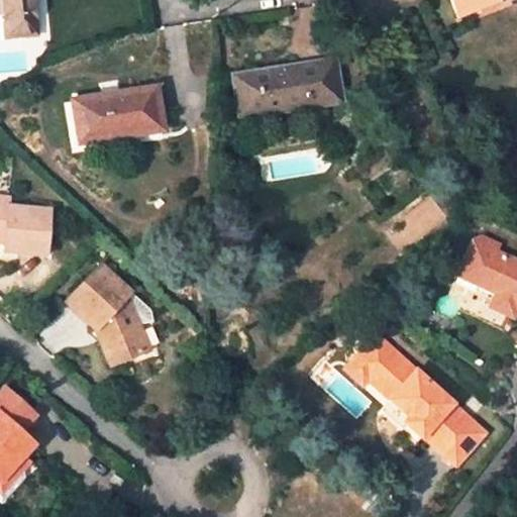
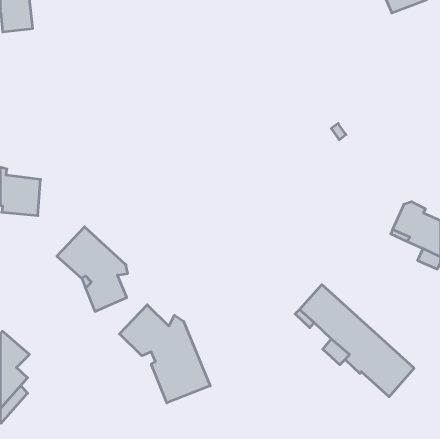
building: [236,60,339,114] -> none
building: [74,87,162,140] -> none
building: none -> [119,305,210,403]

